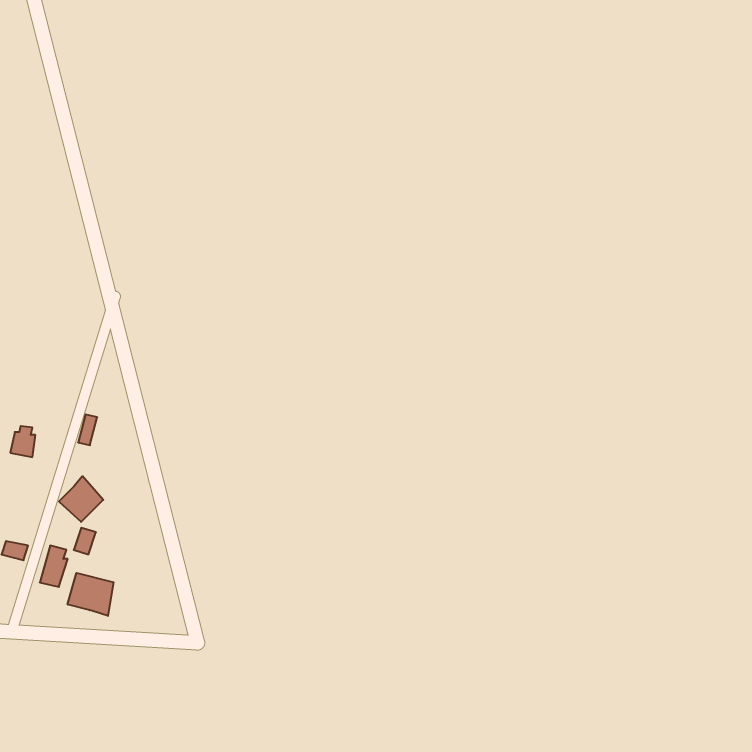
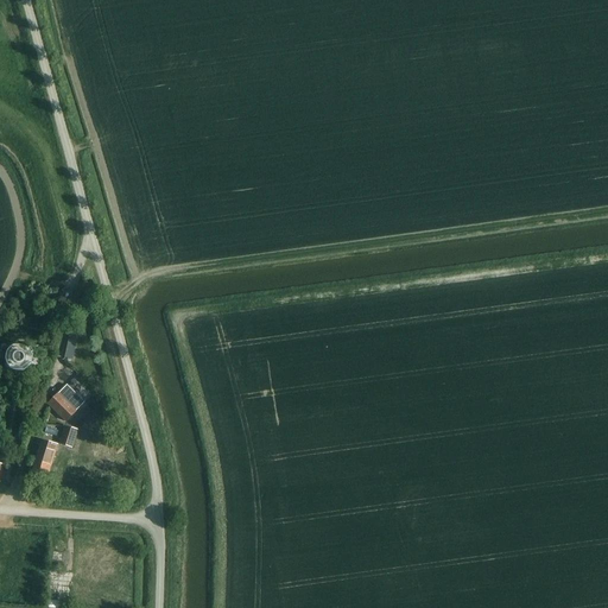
building: [68,573,114,616] -> none

